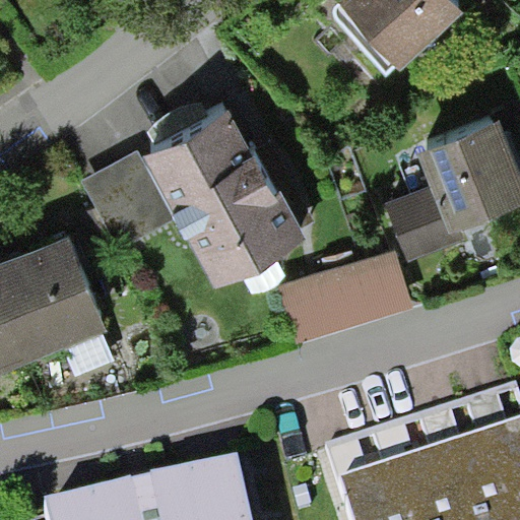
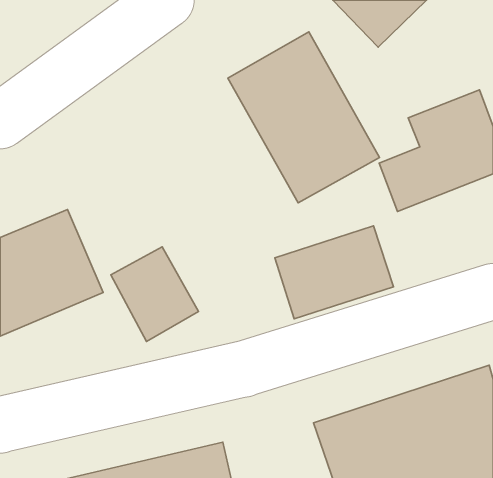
building: [146,102,306,281] -> [228,32,379,203]
building: [82,159,175,259] -> [111,247,199,341]

